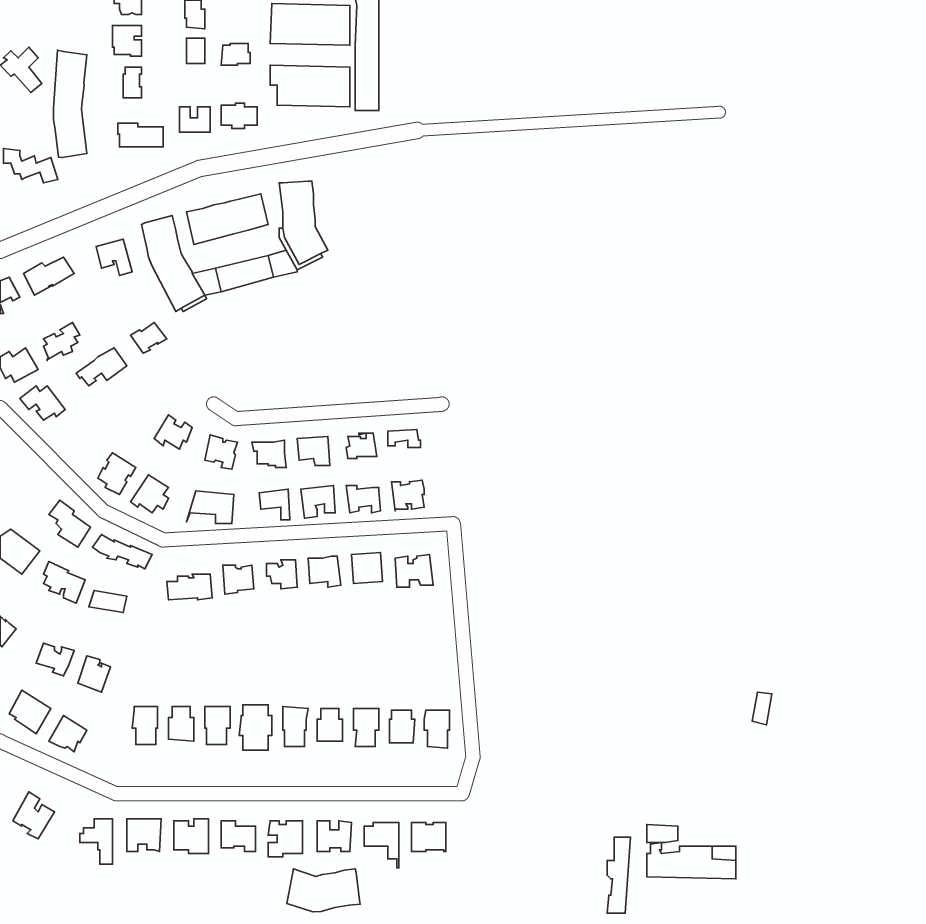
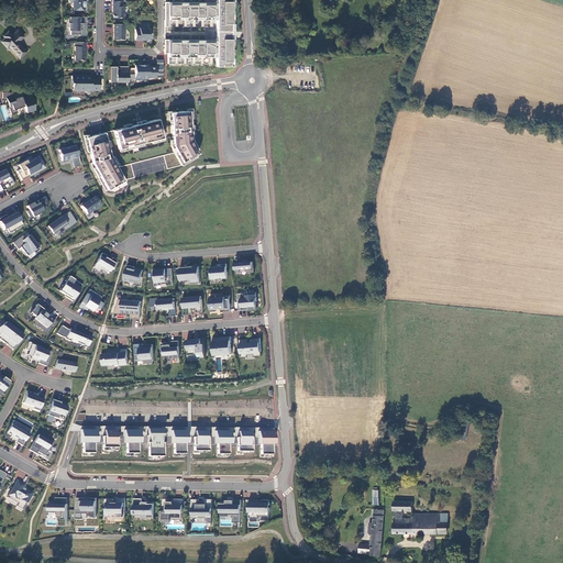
building: [53,50,87,157] -> none
building: [287,869,360,912] -> none

